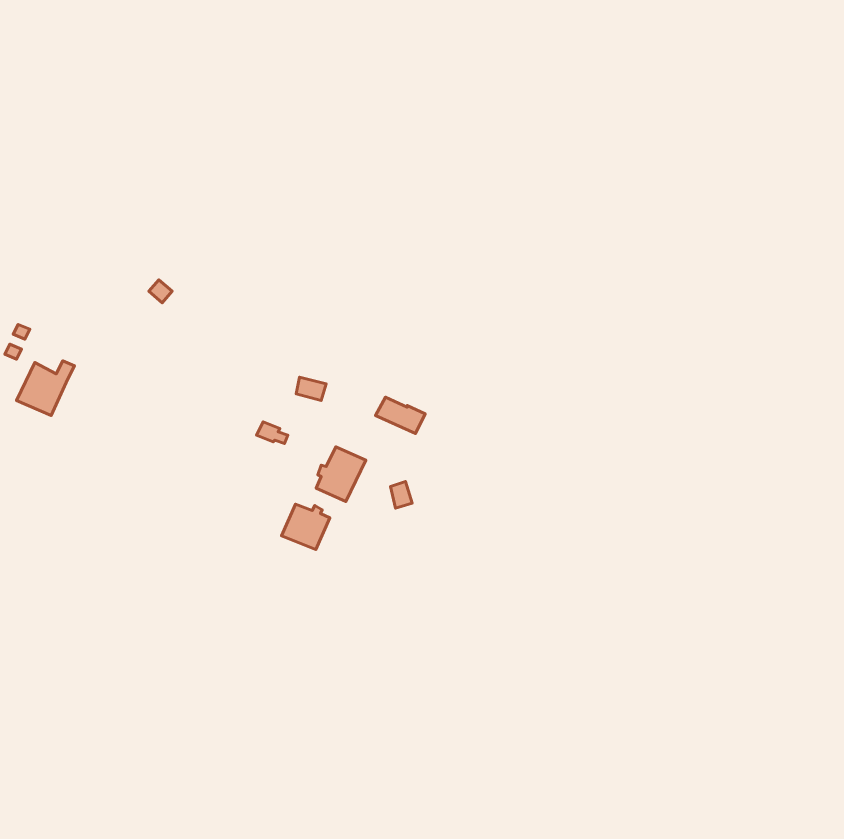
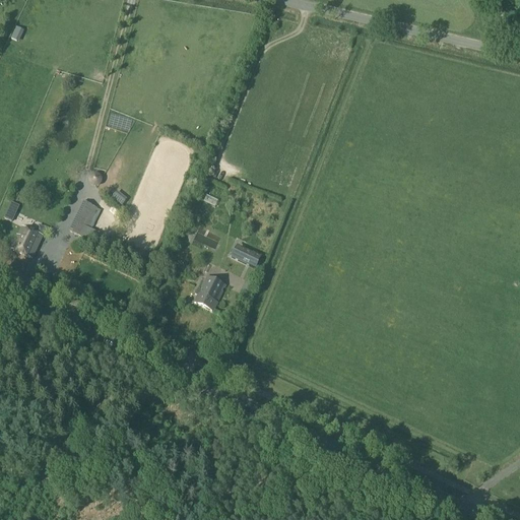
building: none -> [70,198,102,241]
building: [281,504,330,549] -> none

